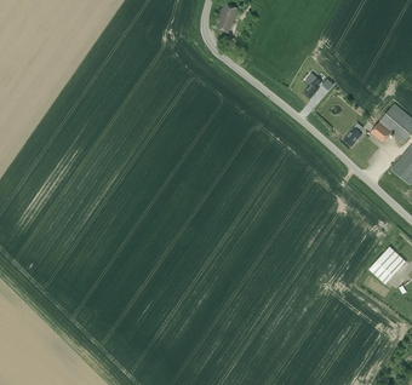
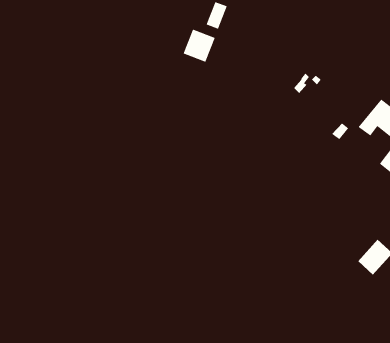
building: none -> [182,29,216,63]

